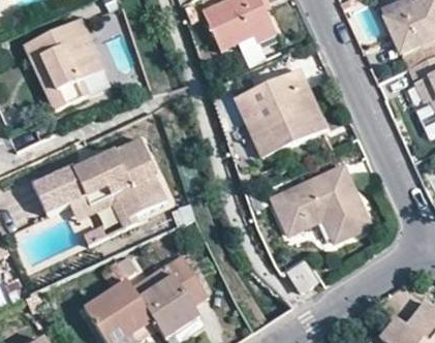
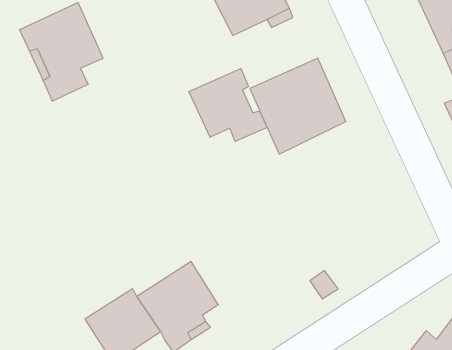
building: none -> [189,68,267,142]
building: [33,137,165,227] -> none
building: [272,165,369,240] -> none

